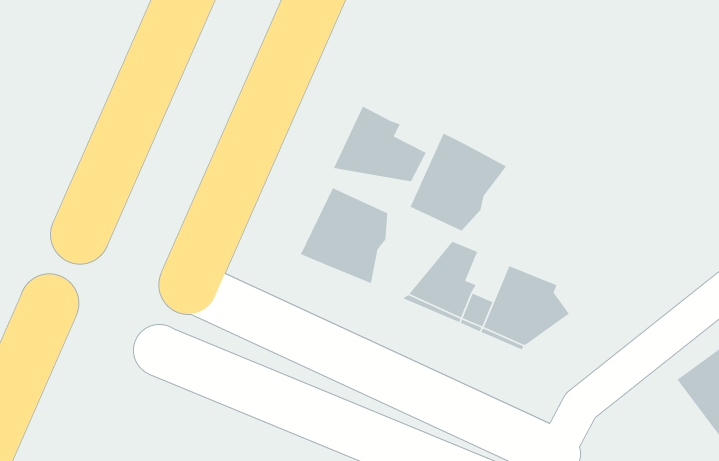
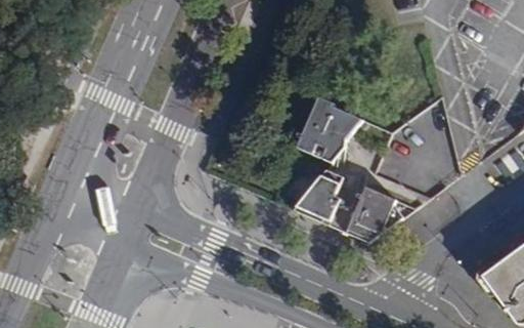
building: [333,106,427,182] -> none
building: [300,187,388,284] -> none

